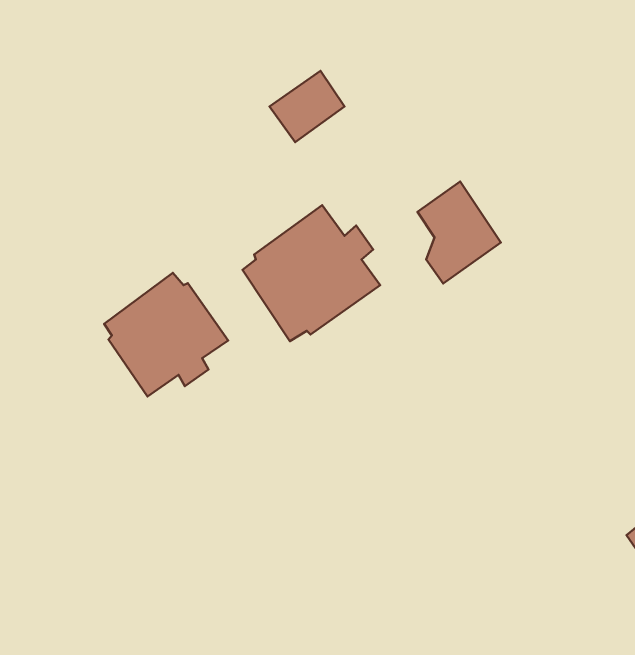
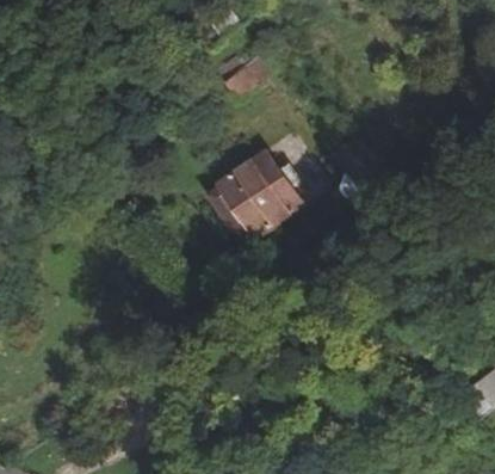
building: [104,273,228,396] -> none

